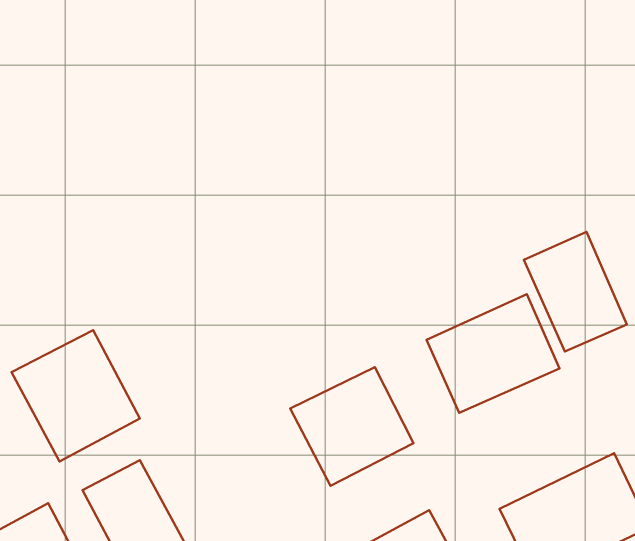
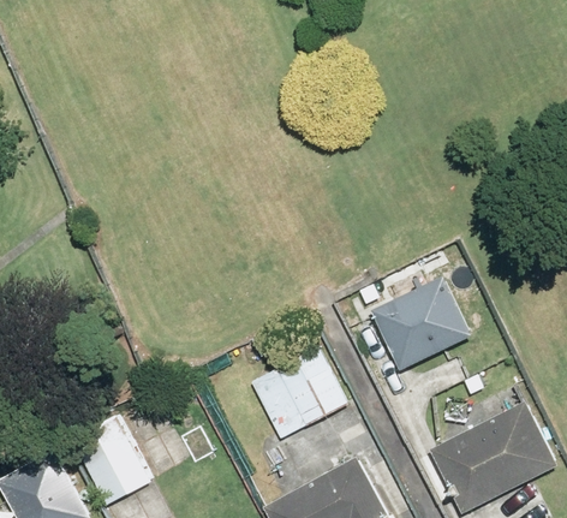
building: [524,232,627,351] -> none
building: [11,330,140,462] -> none

